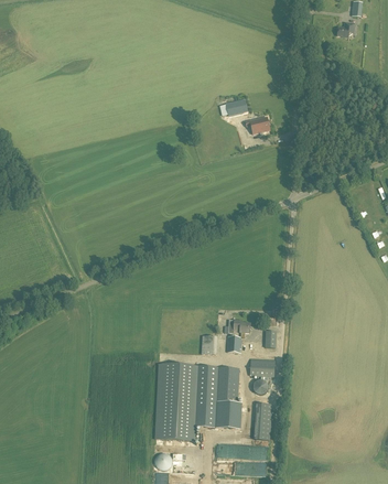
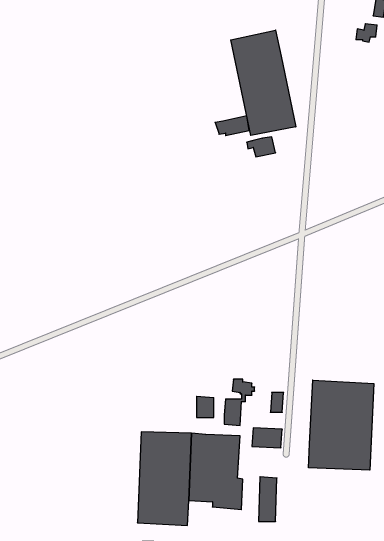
building: none -> [231,30,296,135]
building: none -> [309,380,374,470]

